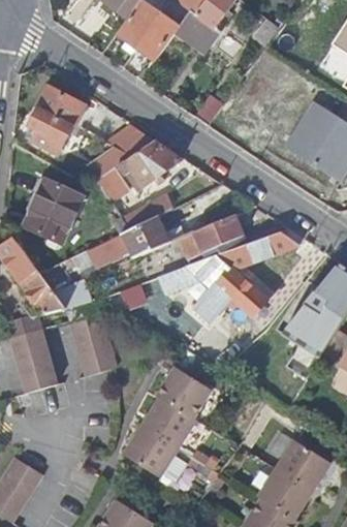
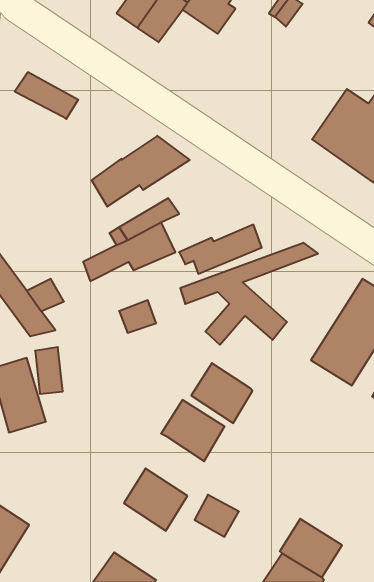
building: [22,102,71,154] -> none
building: [103,122,152,155] -> none
building: [24,178,84,242] -> none
building: [69,315,115,378] -> none
building: [143,399,195,451] -> [191,363,252,423]
building: [276,440,330,493] -> none

